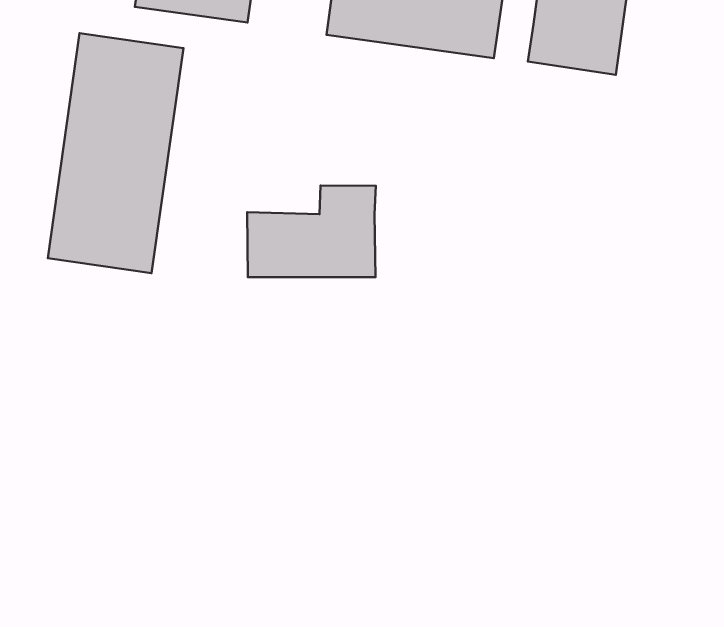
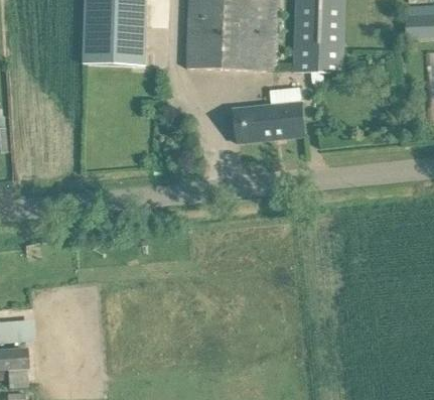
building: [48,33,183,273] -> none
building: [247,186,376,277] -> [233,87,304,142]

